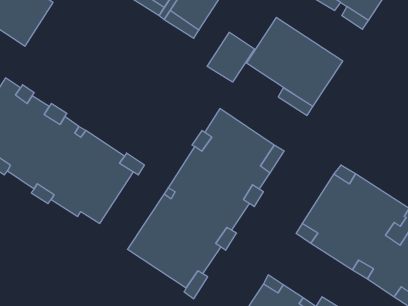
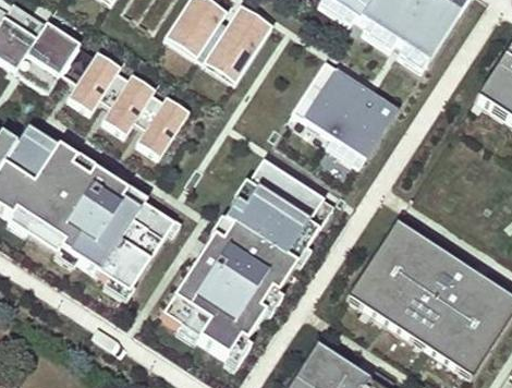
building: none -> [62,46,190,156]
building: [207,32,254,82] -> none

